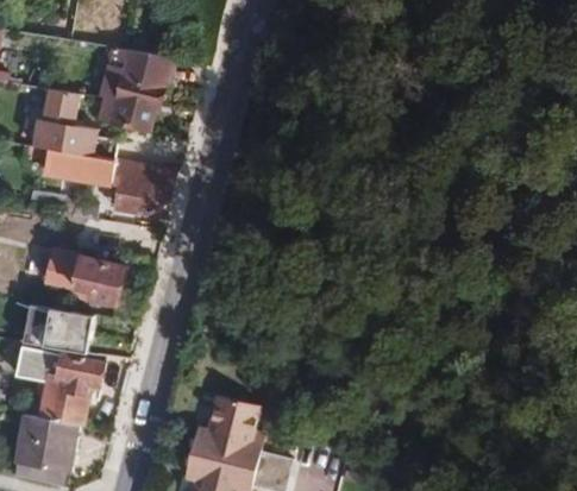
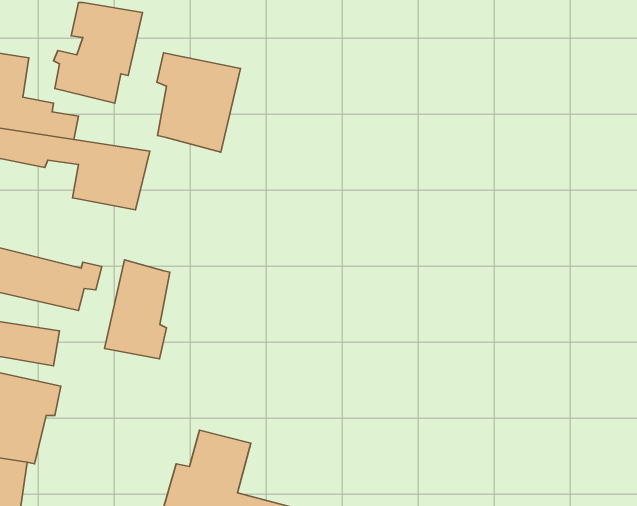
building: none -> [157,53,240,152]
building: none -> [105,260,170,359]

